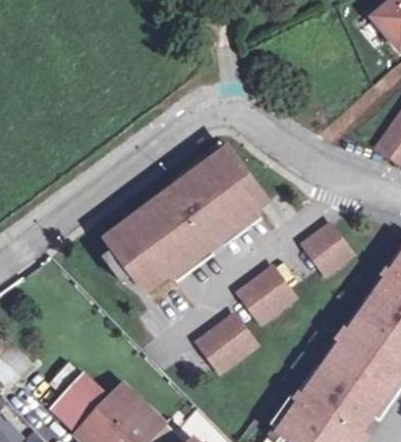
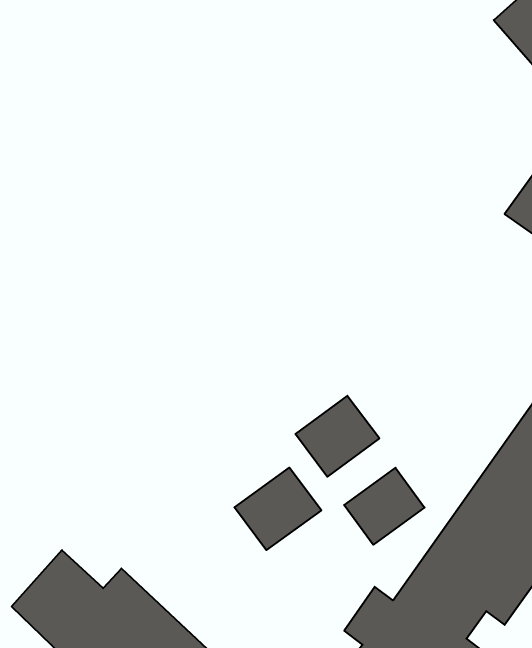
building: [109,153,268,292] -> none
building: [303,224,351,273] -> none
building: none -> [344,468,425,545]

